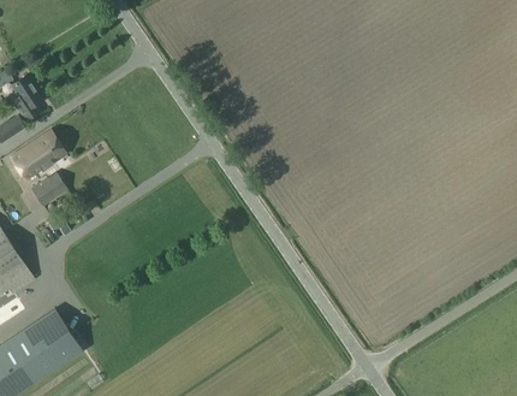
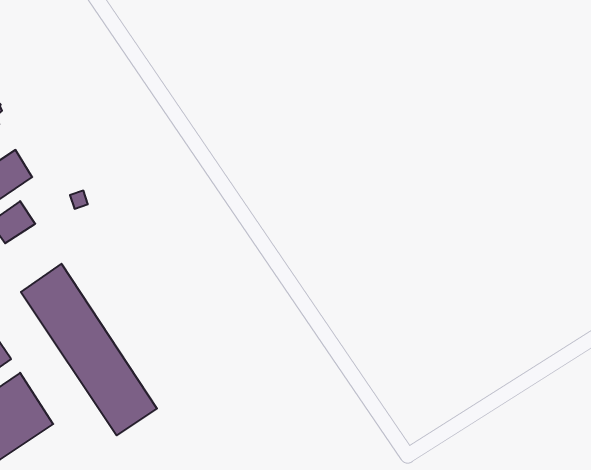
building: none -> [21,264,157,435]

